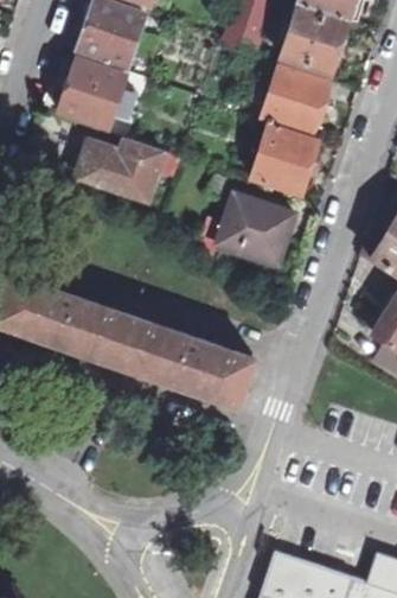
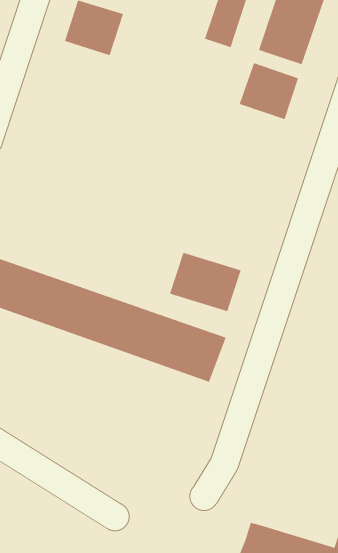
building: [58,61,126,129] -> none
building: [254,133,313,192] -> none
building: [81,141,177,199] -> none
building: [216,197,292,260] -> [169,252,242,312]

